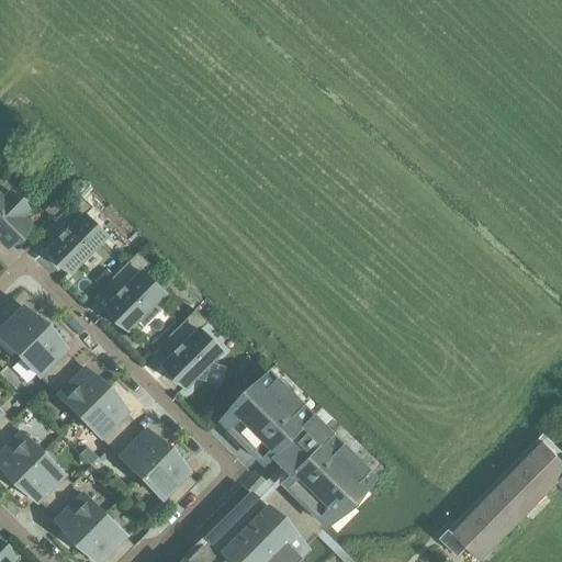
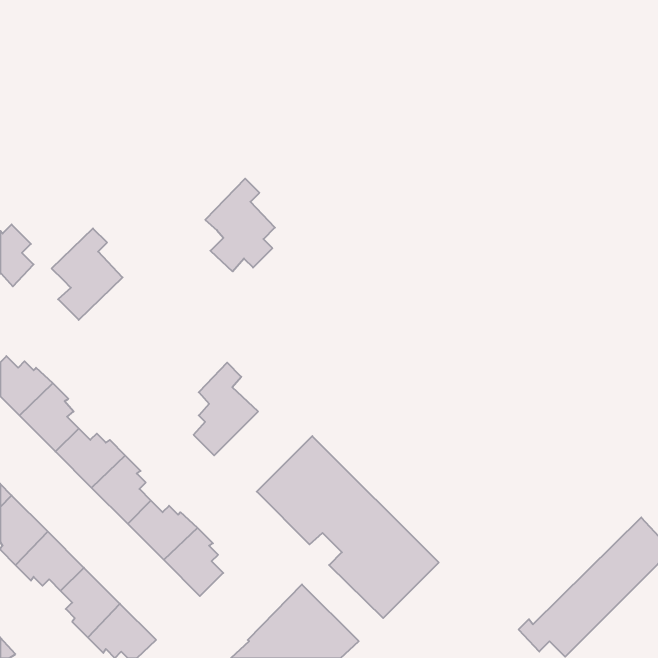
building: [103,251,162,330] -> [205,179,275,271]

